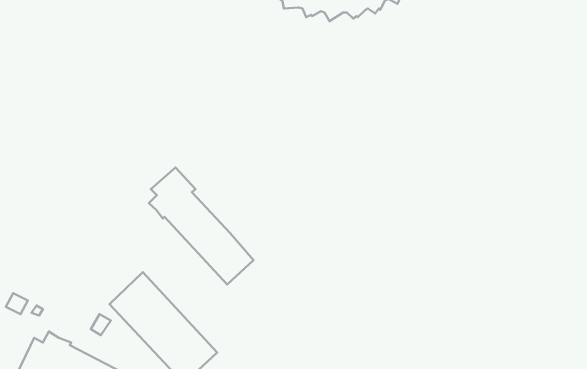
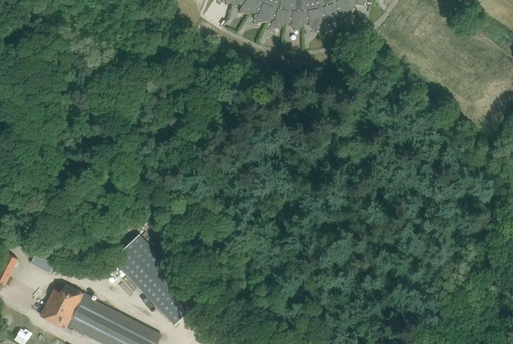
building: [149,168,253,284] -> none

